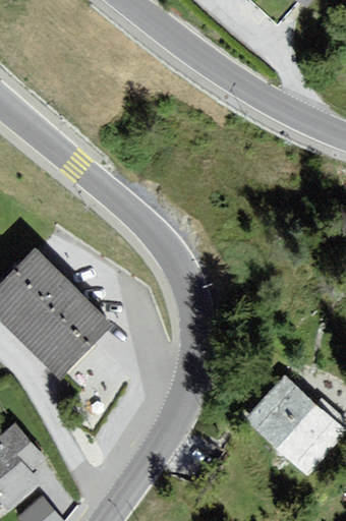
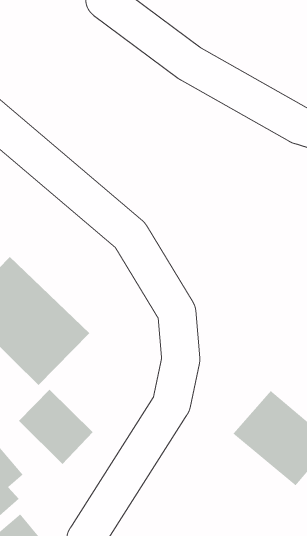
building: none -> [18,389,94,465]

